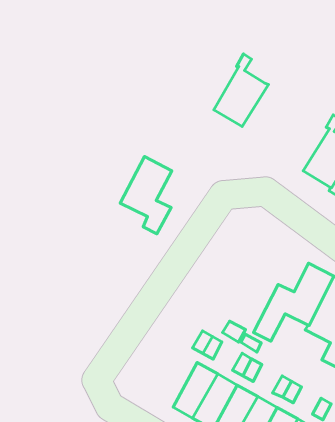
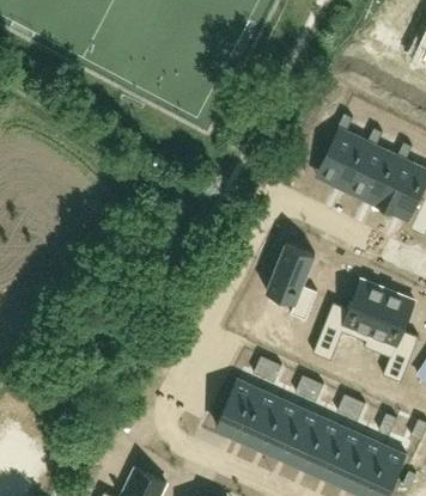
building: [214,54,268,127] -> [318,115,371,188]
building: [120,156,172,234] -> [266,244,317,320]
building: none -> [215,379,258,435]

